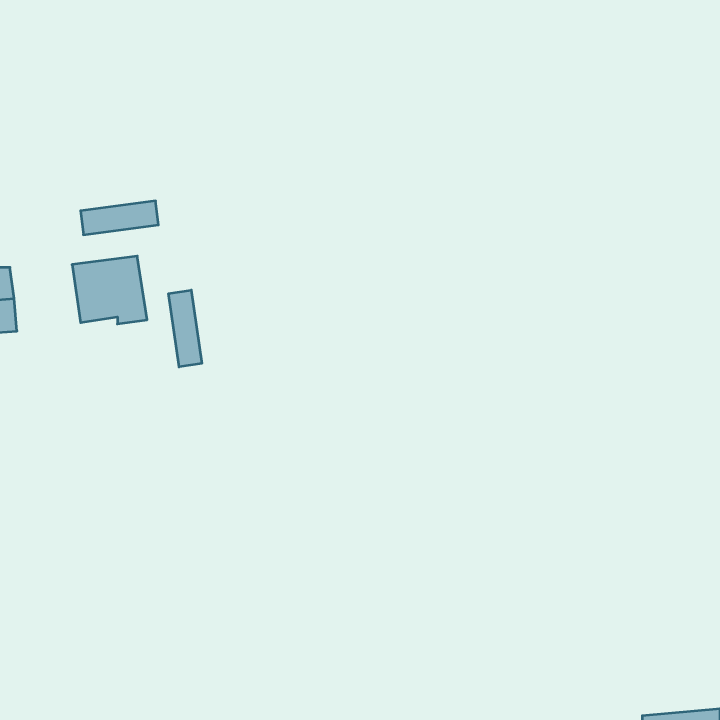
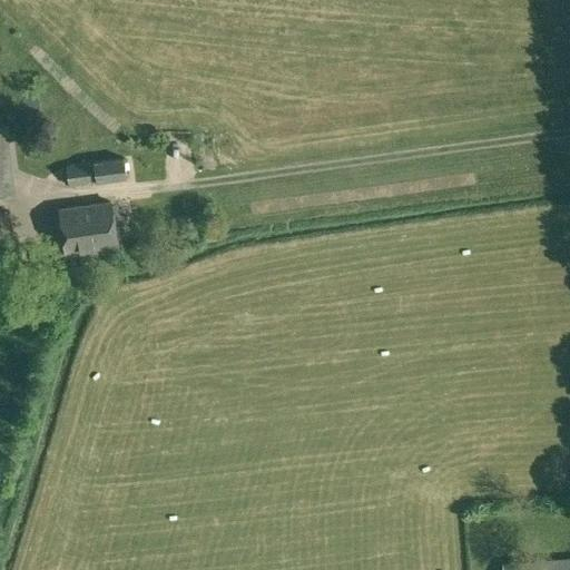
building: [169,290,202,367] -> none

